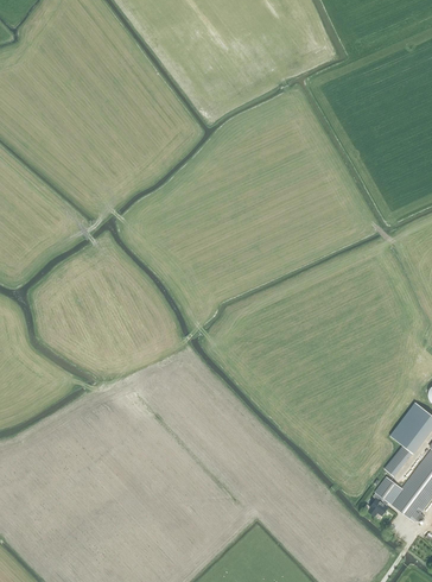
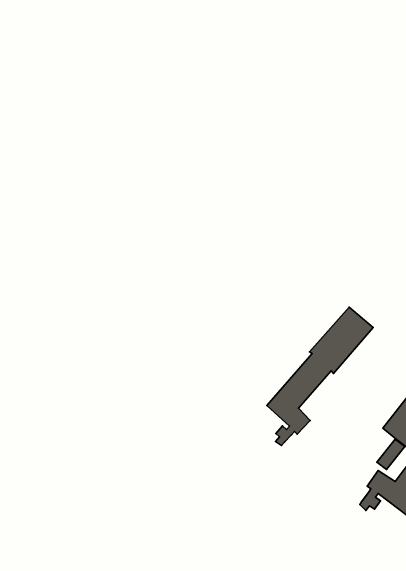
building: none -> [267,307,373,445]

